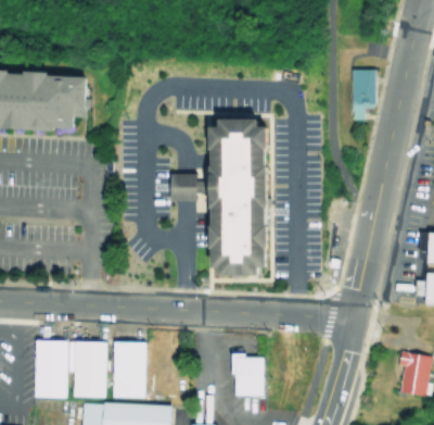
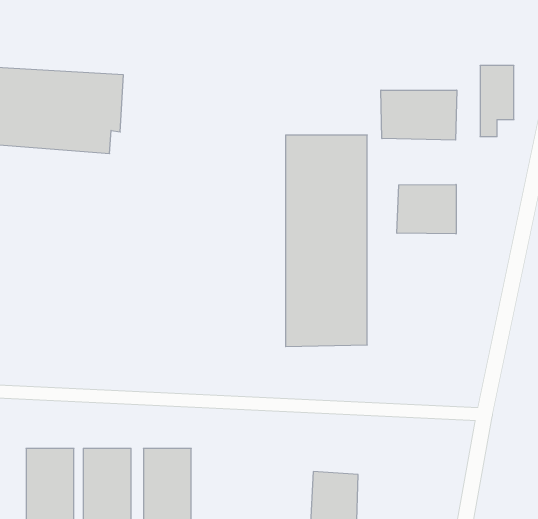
building: none -> [381,90,457,140]
building: none -> [397,184,456,234]

